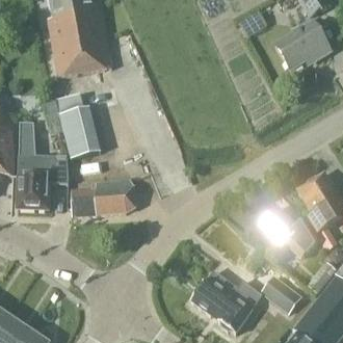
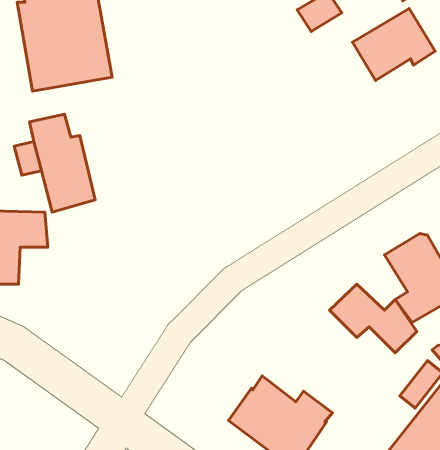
building: [72,179,135,214] -> none
building: [261,272,302,312] -> none

